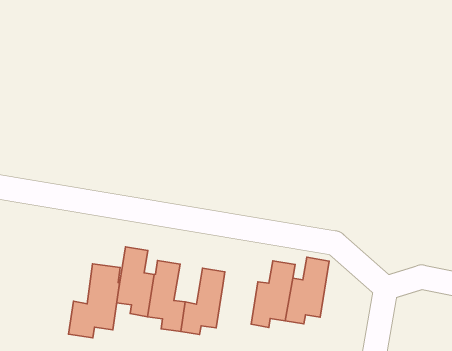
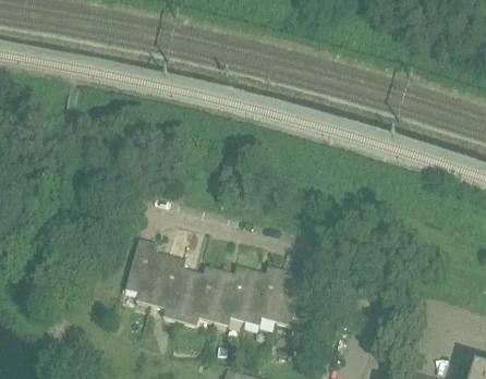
building: [68,264,120,338] -> none
building: none -> [209,265,254,323]

